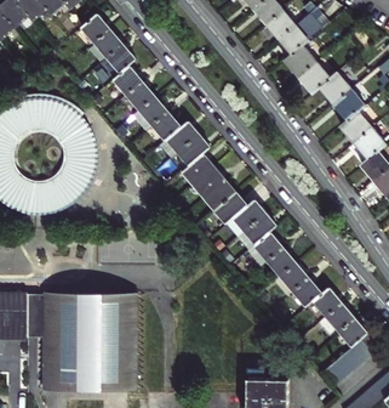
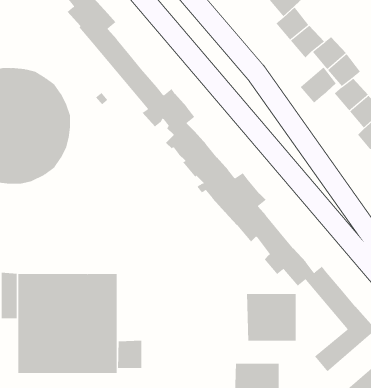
building: none -> [300,67,337,104]
building: none -> [247,293,296,341]
building: none -> [117,340,142,369]

